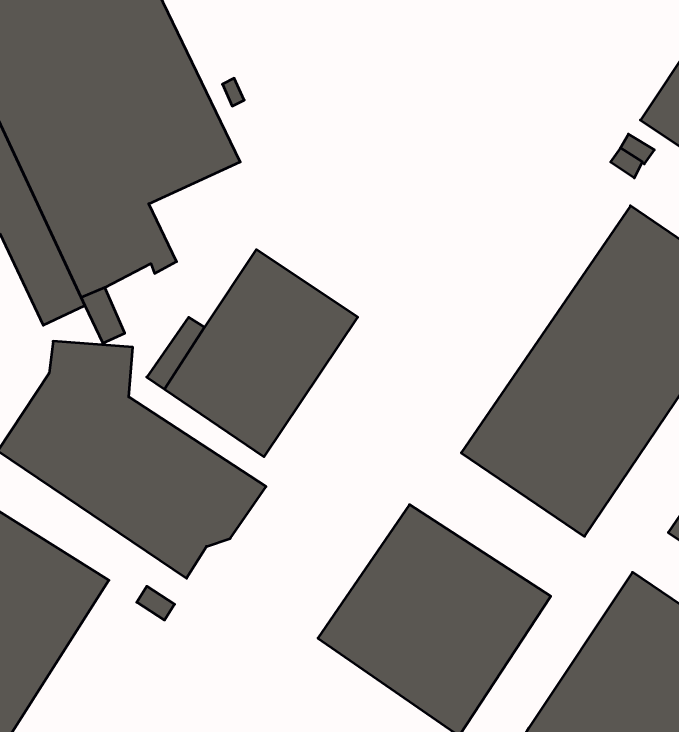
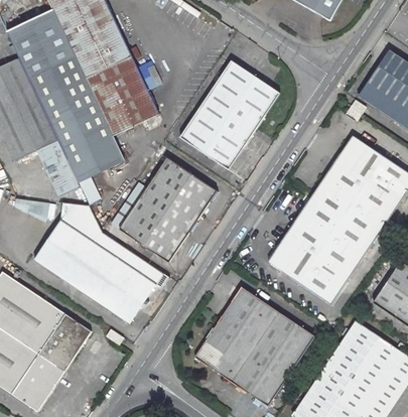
building: none -> [179,62,280,171]

